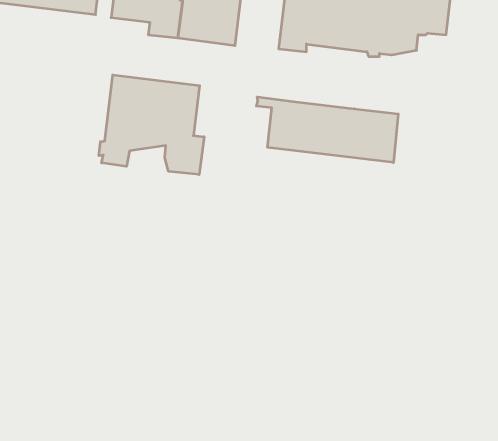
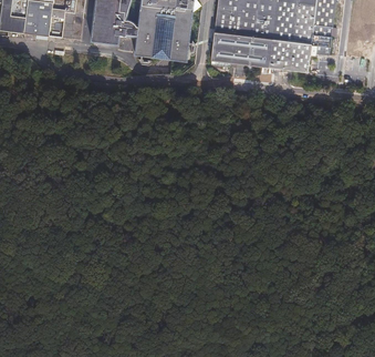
building: [99,75,204,175] -> none
building: [256,97,398,163] -> none

